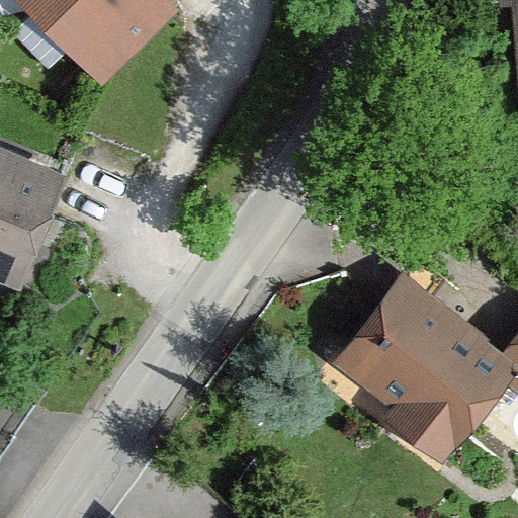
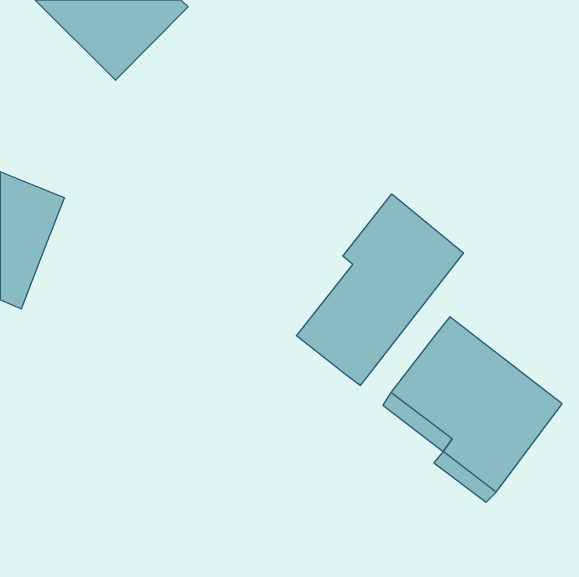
building: none -> [296,194,463,385]

